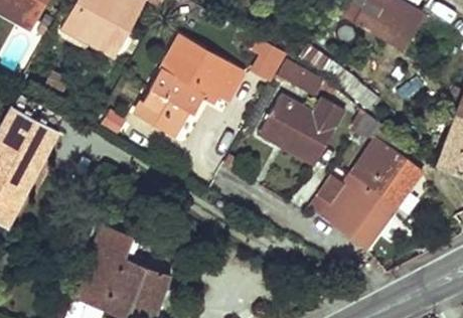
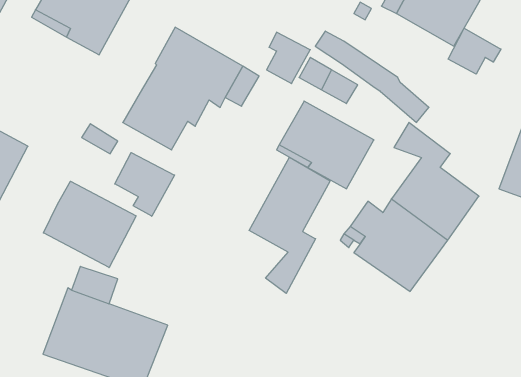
building: none -> [448,28,501,74]
building: none -> [115,153,175,216]
building: none -> [249,157,330,293]
building: none -> [43,181,136,268]

